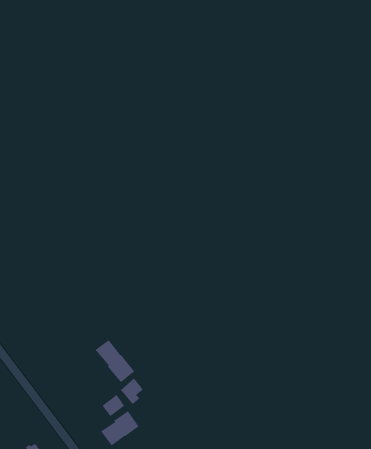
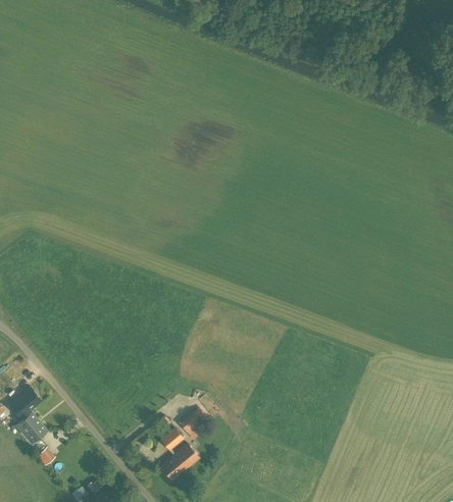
building: [95,339,135,383] -> none

